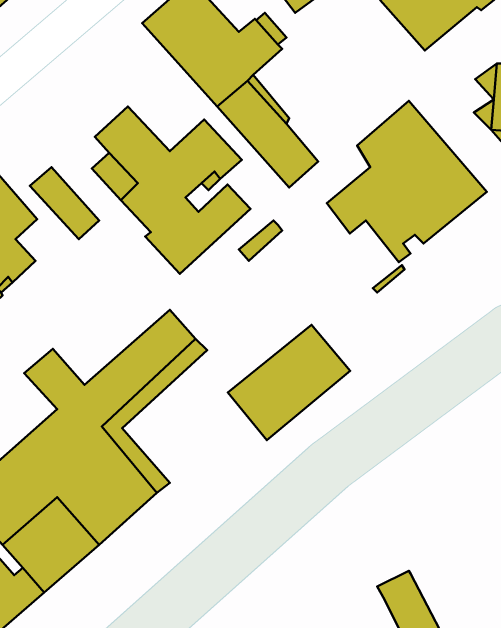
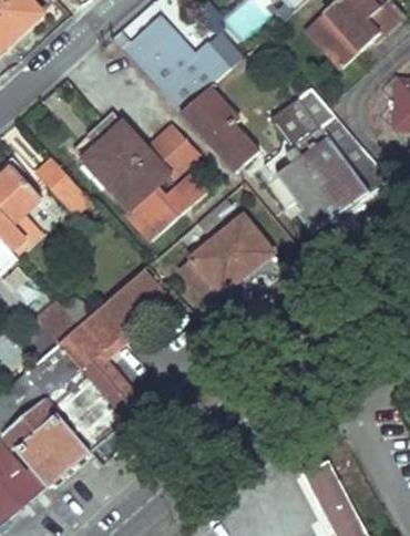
building: none -> [273,91,328,141]
building: [228,325,350,440] -> [182,210,276,299]

